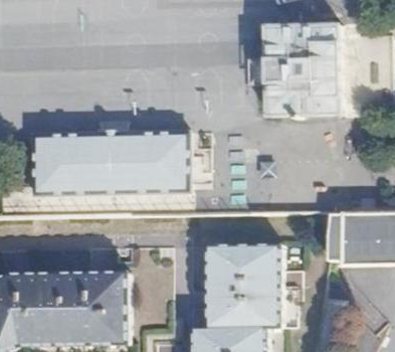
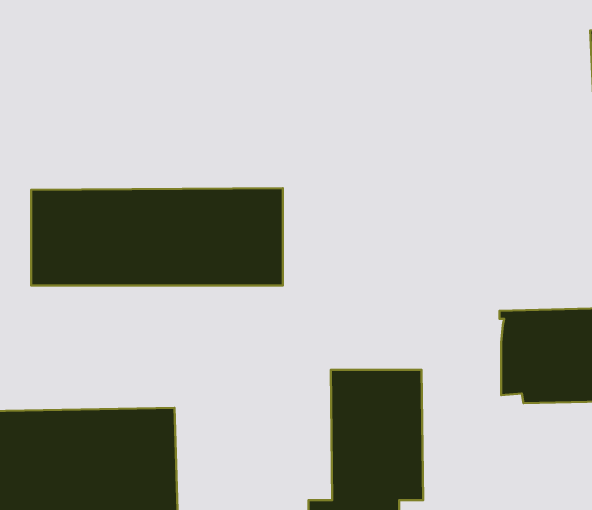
building: [262,24,338,116] -> none

